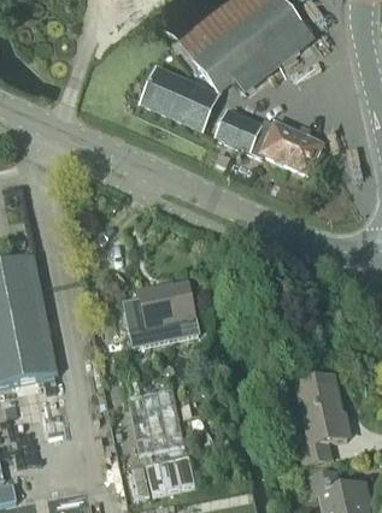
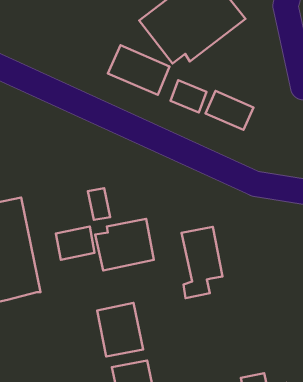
building: none -> [88,188,110,220]
building: none -> [56,226,95,260]
building: [295,376,346,464] -> [181,227,222,298]

